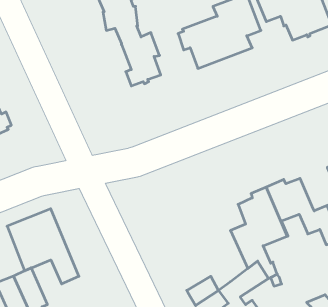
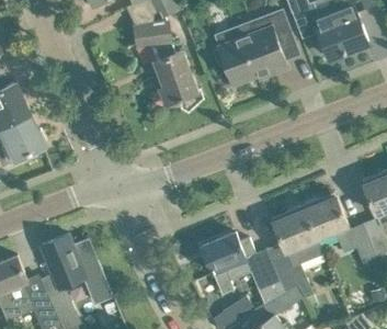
building: none -> [202,232,283,300]

